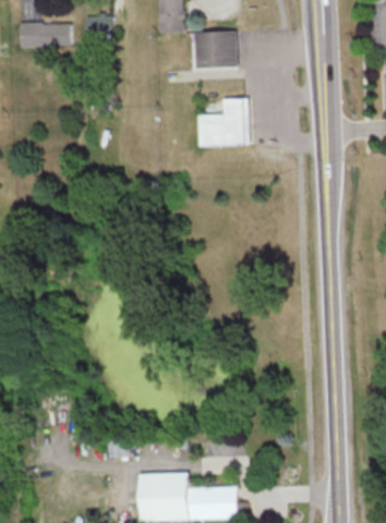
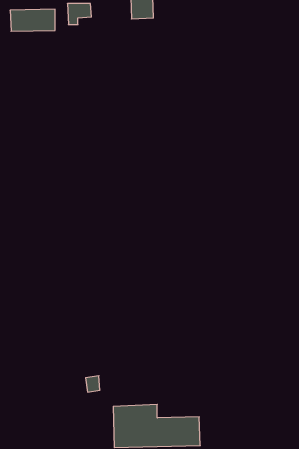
building: [194,31,238,68] -> none
building: [198,98,246,146] -> none

